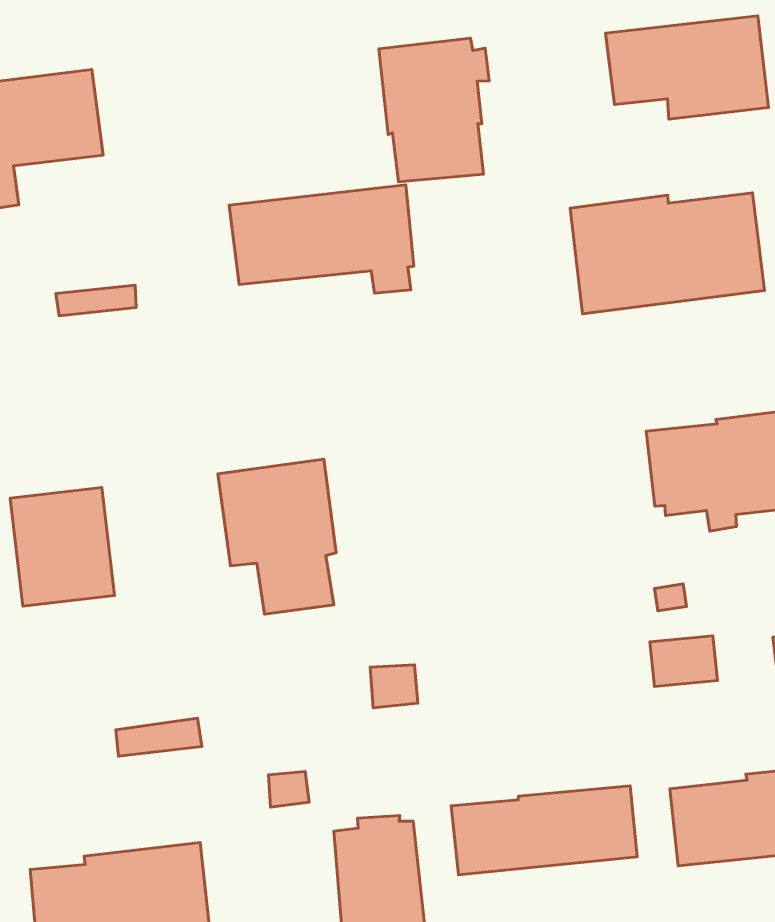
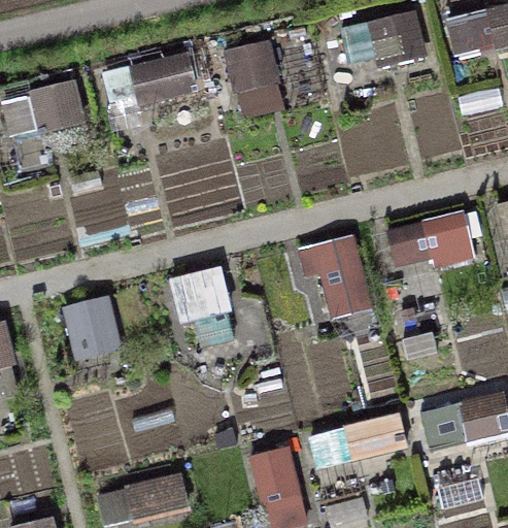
building: [229,185,414,293] -> [98,51,197,112]
building: [570,193,765,314] -> none
building: none -> [297,232,375,320]

